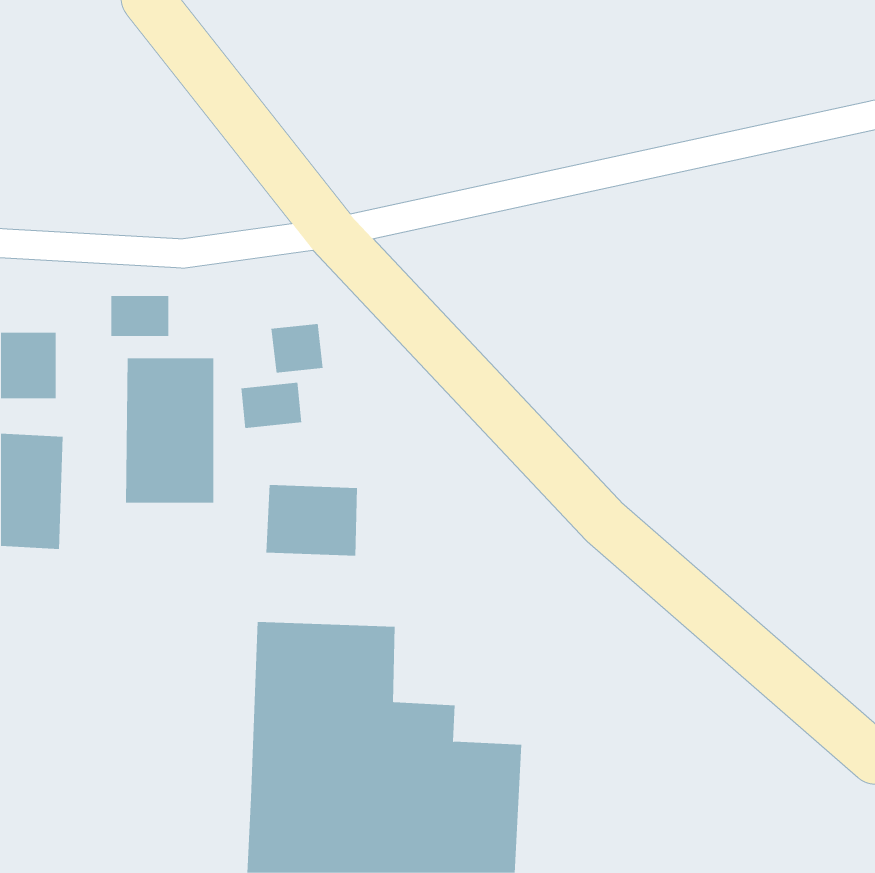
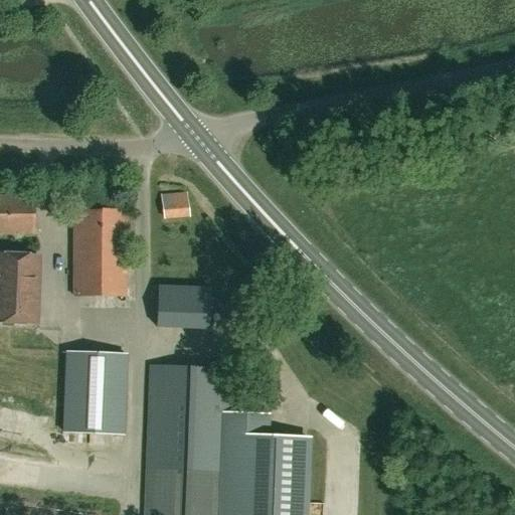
building: [111,295,169,337] -> none
building: [241,382,302,429] -> none
building: none -> [64,352,125,435]

